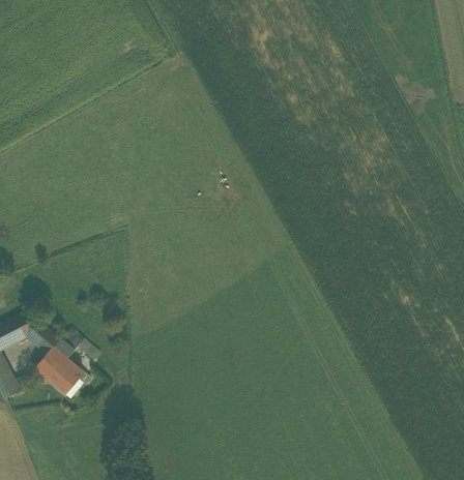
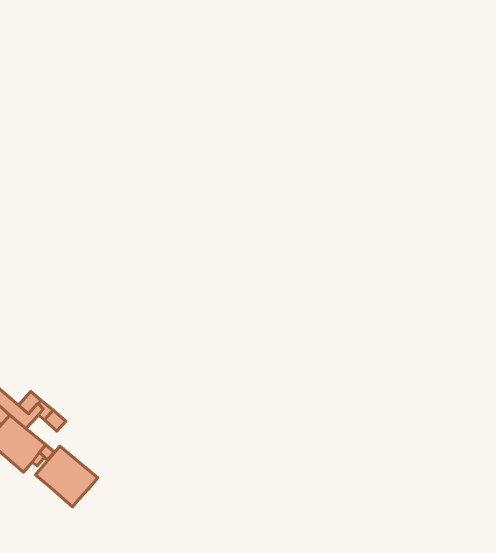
building: none -> [36,446,98,507]

